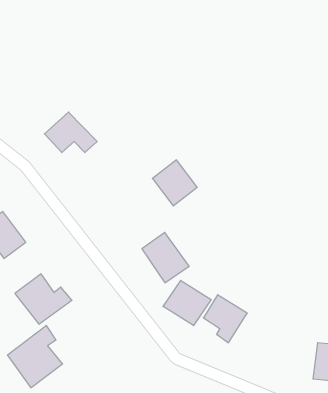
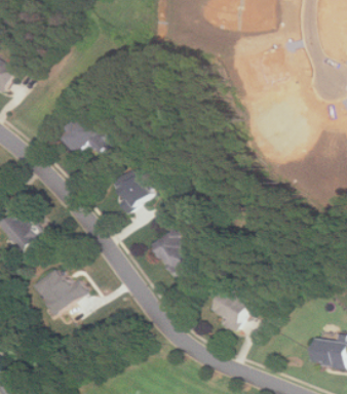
building: [152,160,197,206] -> [108,168,150,211]
building: [163,280,211,326] -> none
building: [8,325,62,388] -> none

